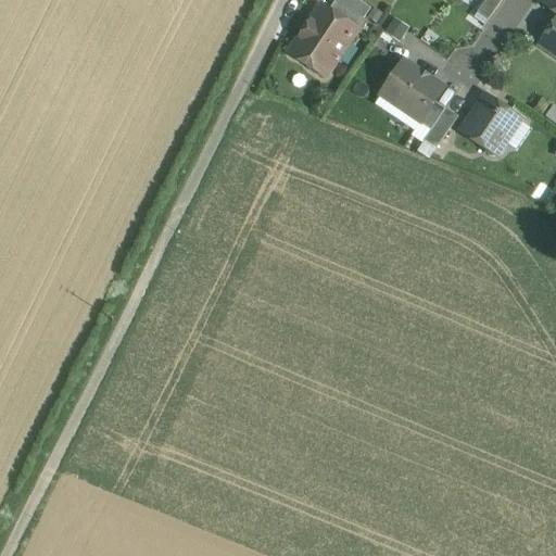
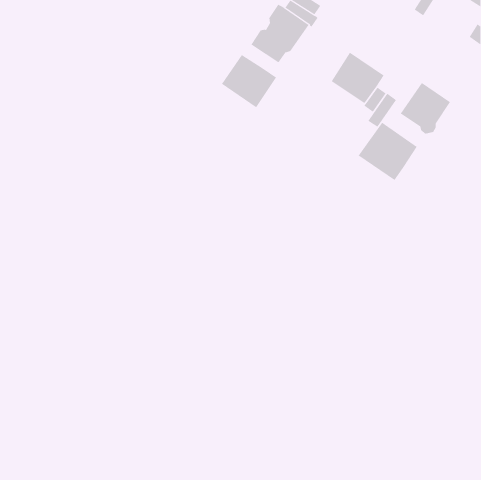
building: none -> [221,54,277,108]
building: none -> [358,122,418,181]

